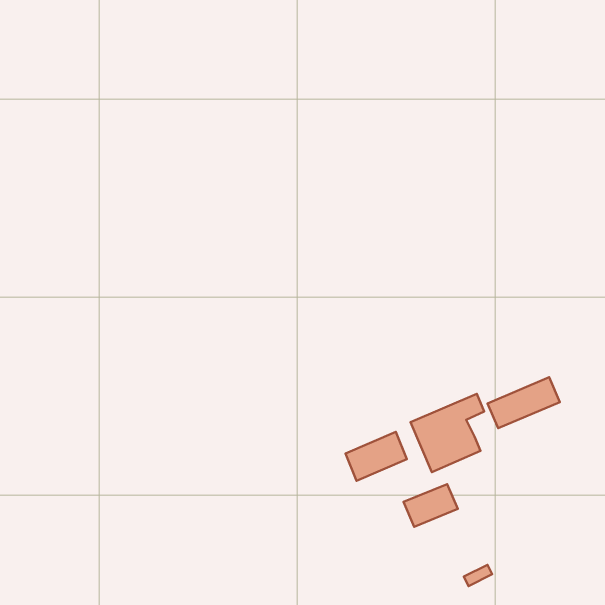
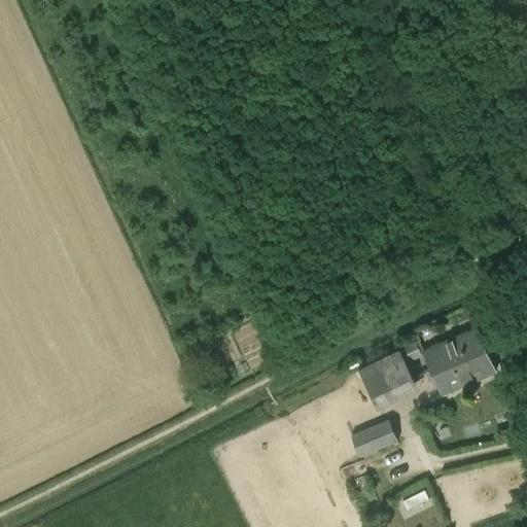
building: none -> [432,350,495,394]
building: [346,432,407,481] -> none

